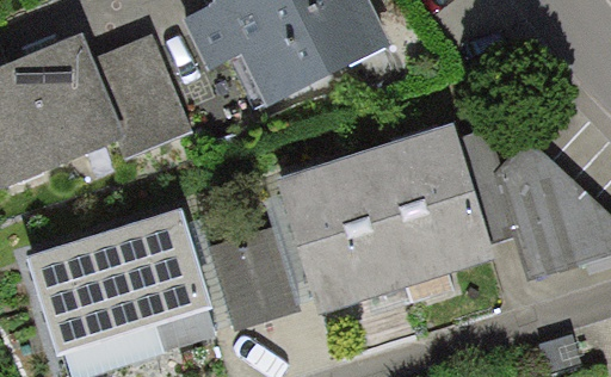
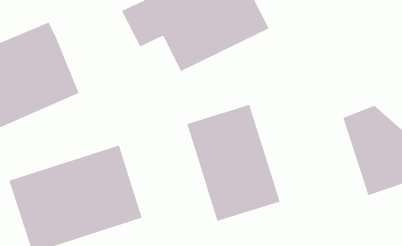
building: [93,33,192,160] -> none
building: [365,123,495,288] -> none
building: [209,227,298,329] -> none

